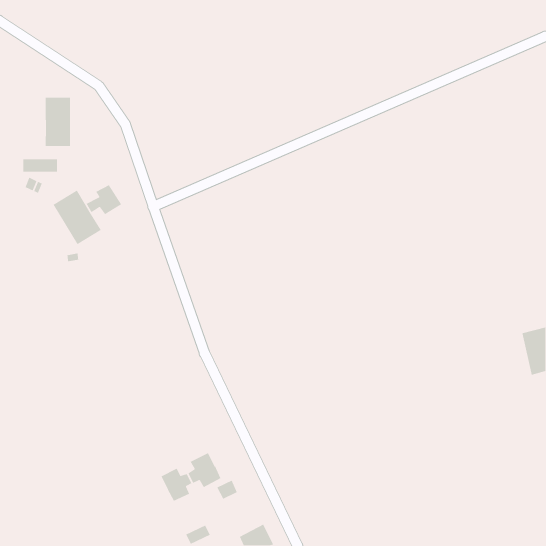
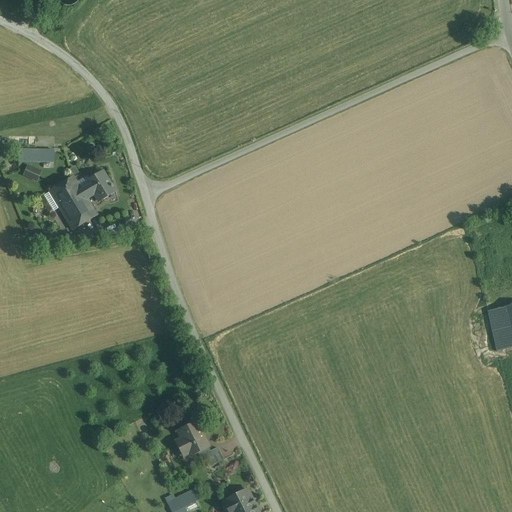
building: [45,97,71,147] -> none
building: [160,467,193,502] -> none

